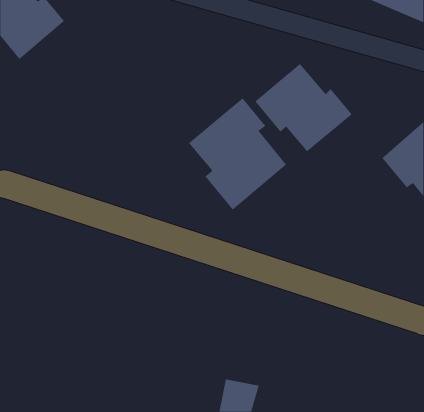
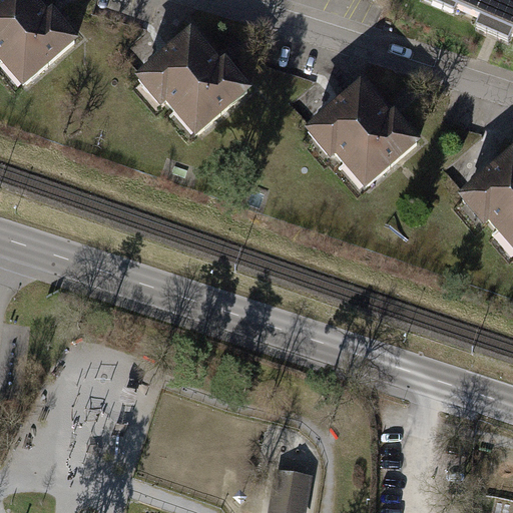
building: none -> [133,30,251,137]
building: [188,98,287,210] -> none

